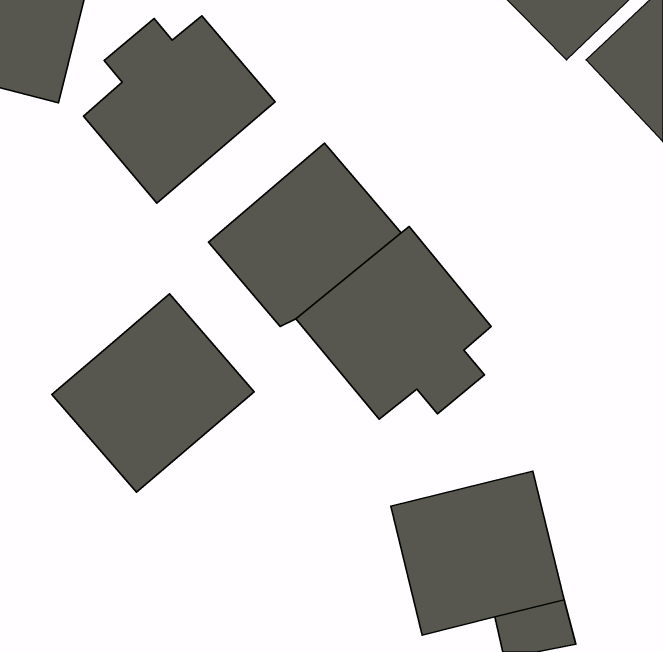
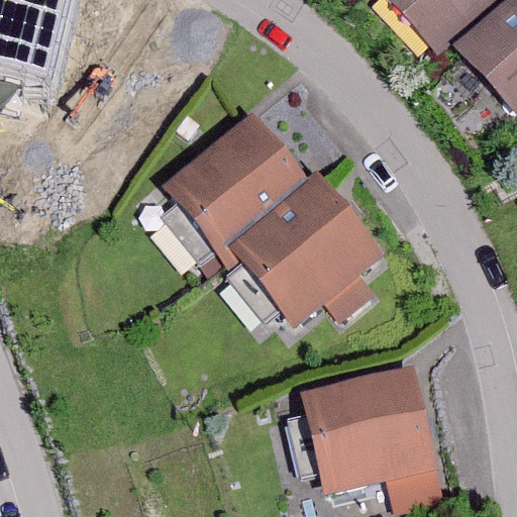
building: [84,16,275,203] -> none
building: [52,294,254,492] -> none

